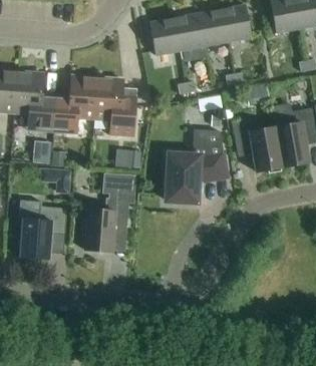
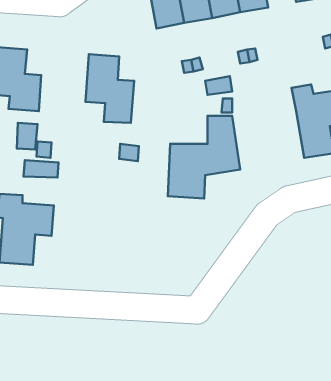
building: [53,75,97,132] -> none
building: [233,117,283,171] -> none
building: [82,170,135,252] -> none

